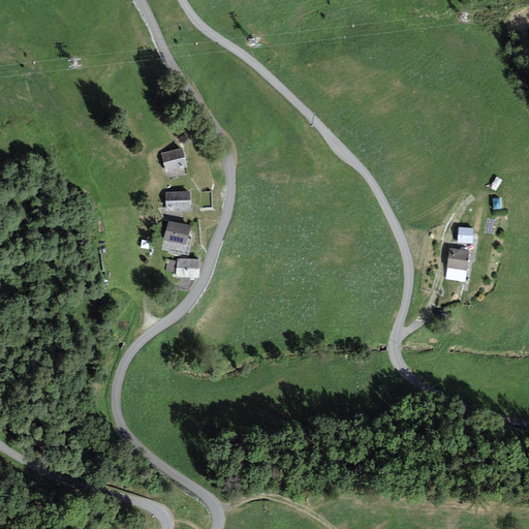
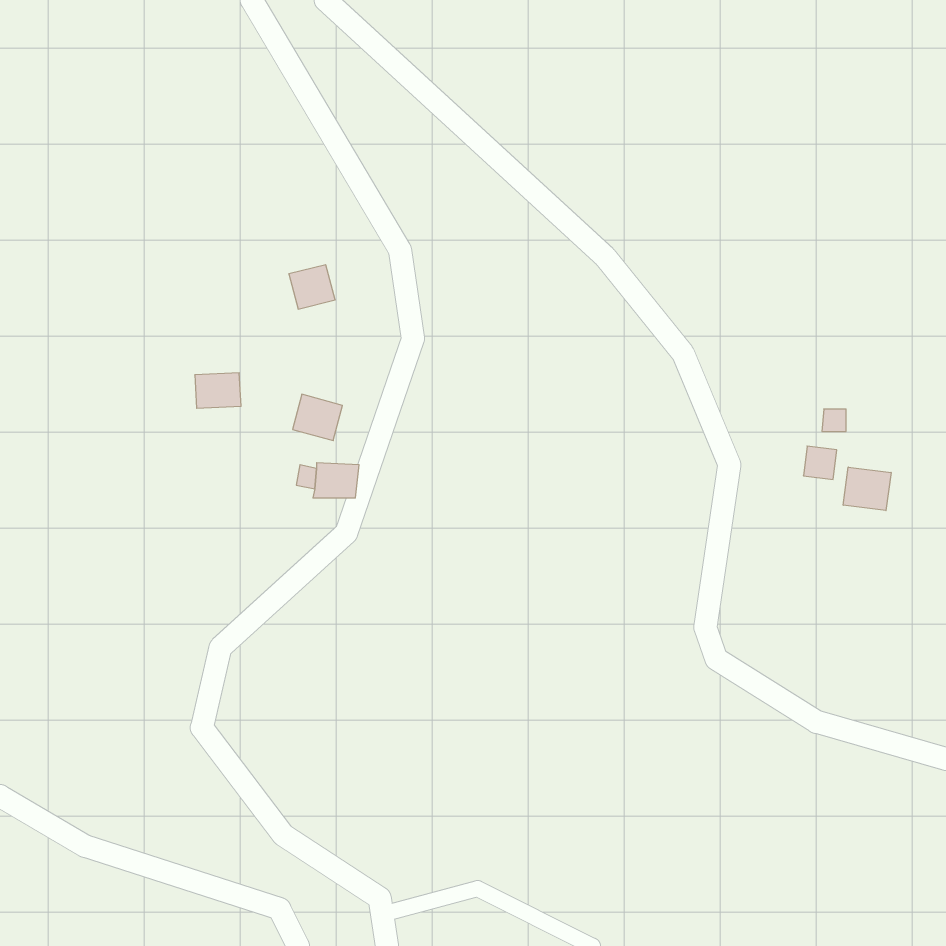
building: [165,191,191,211] -> [195,373,241,408]
building: none -> [843,467,891,511]

